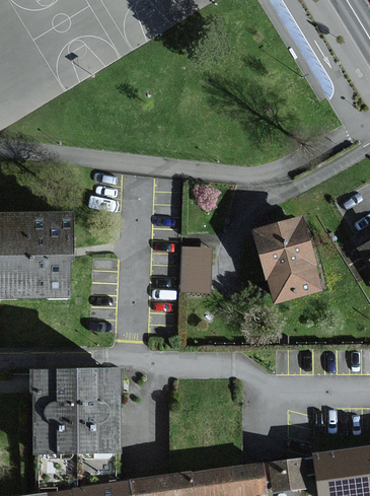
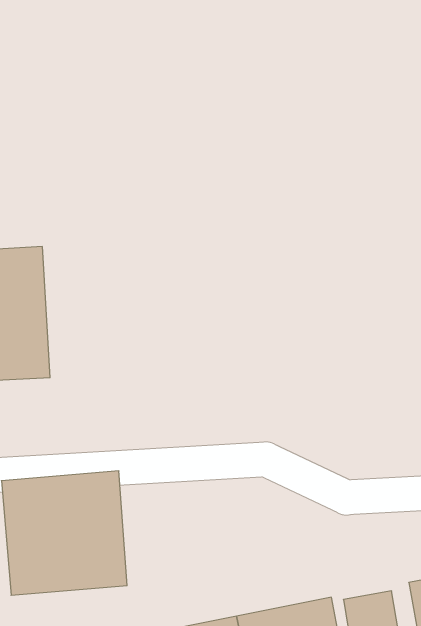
building: [255,219,321,302] -> none
building: [180,251,208,292] -> none

